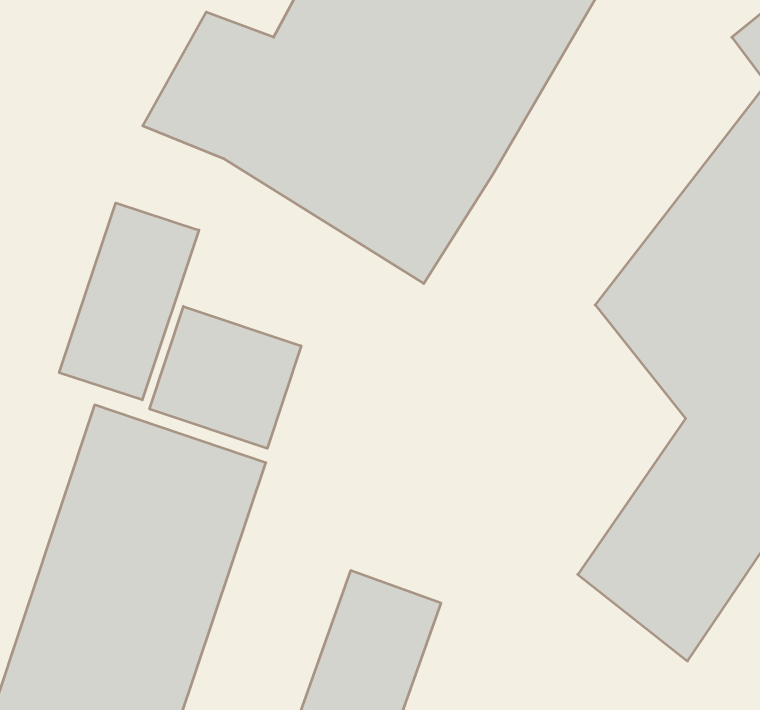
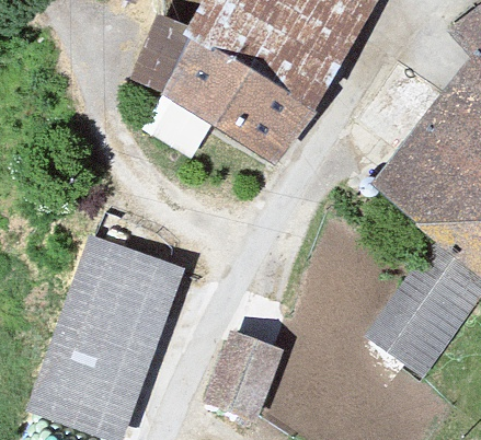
building: [59,203,199,400] -> none
building: [150,306,301,448] -> none

